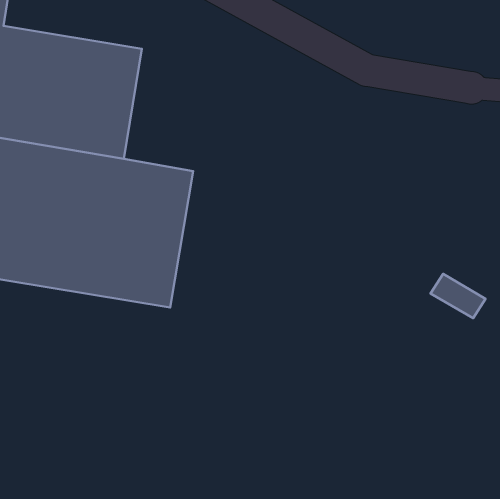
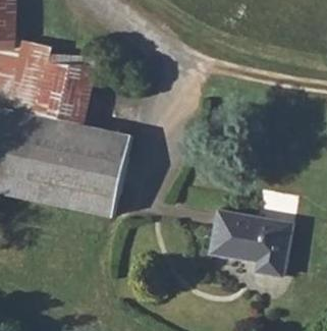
building: none -> [206,215,287,282]

